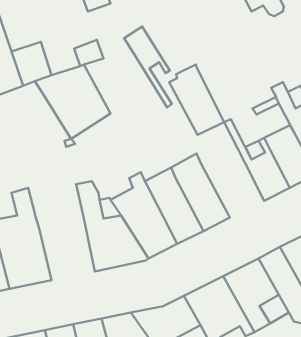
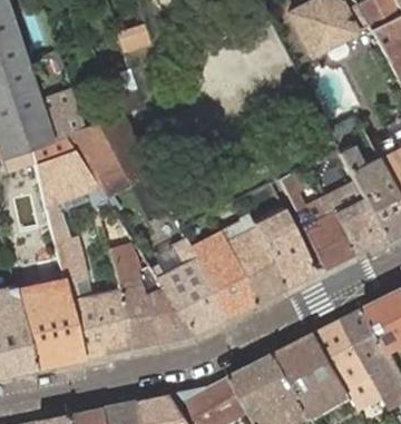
building: [124,27,172,107] -> none
building: [169,64,224,135] -> [254,207,316,287]
building: none -> [36,150,133,358]

